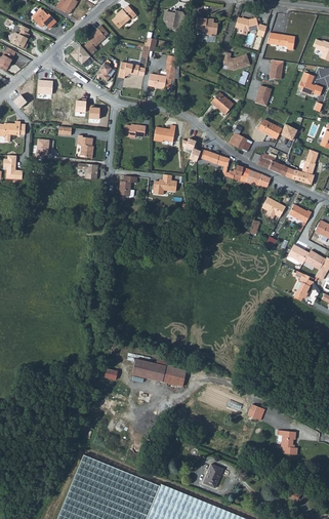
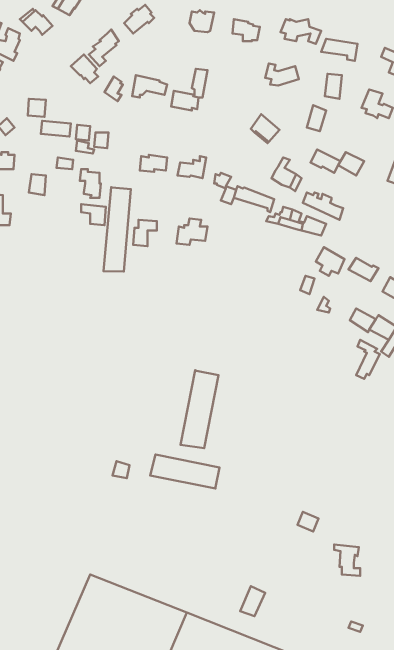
building: [296,149,318,185] -> none
building: none -> [104,187,131,272]
building: none -> [180,370,219,448]

